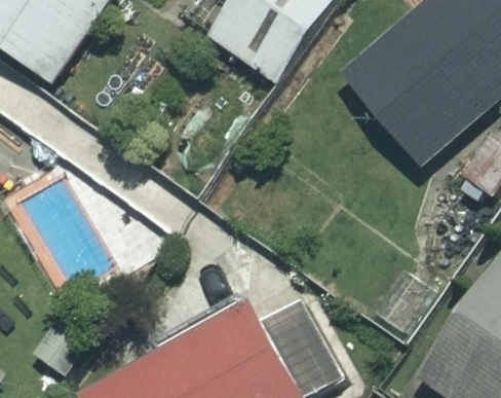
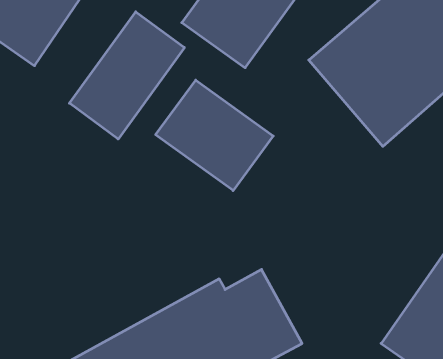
building: none -> [69,12,184,139]
building: none -> [156,80,273,191]

